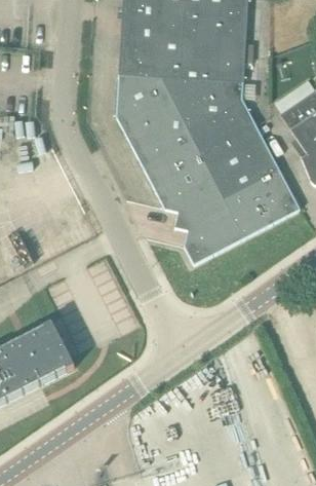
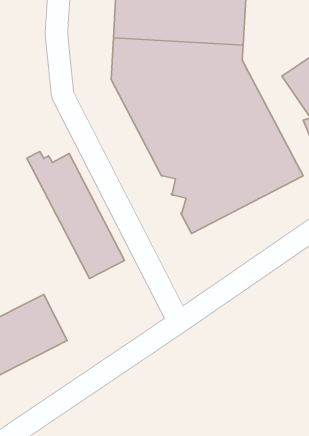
building: none -> [27,152,124,278]

